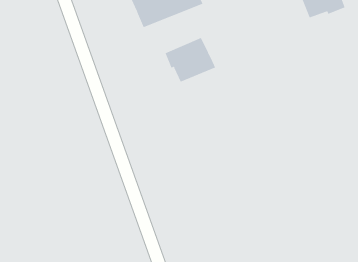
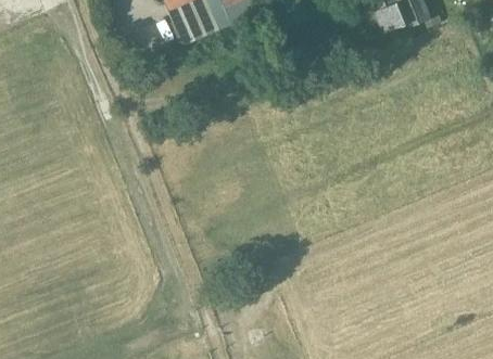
building: [165,37,216,83] -> none

